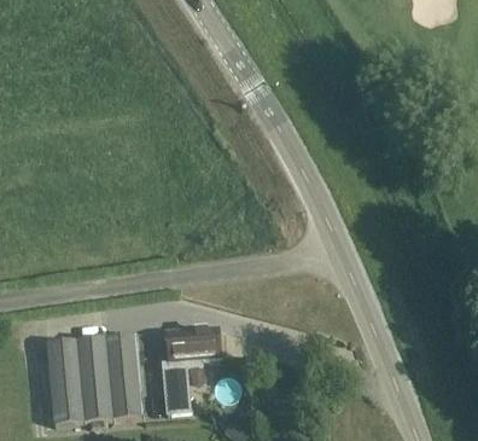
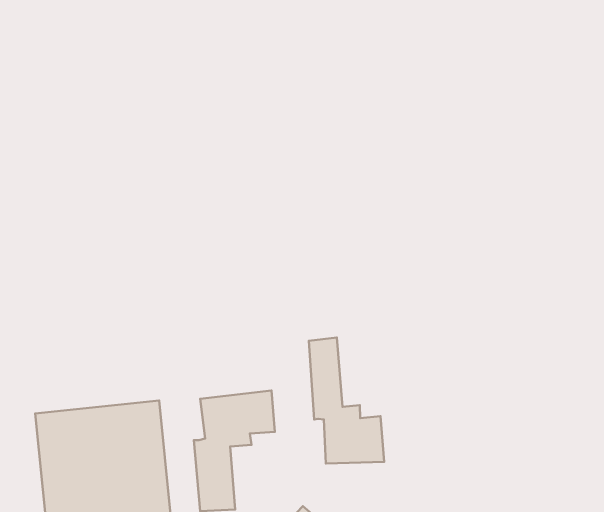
building: none -> [309,337,384,464]

